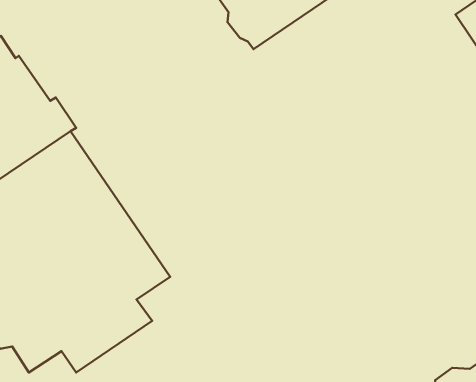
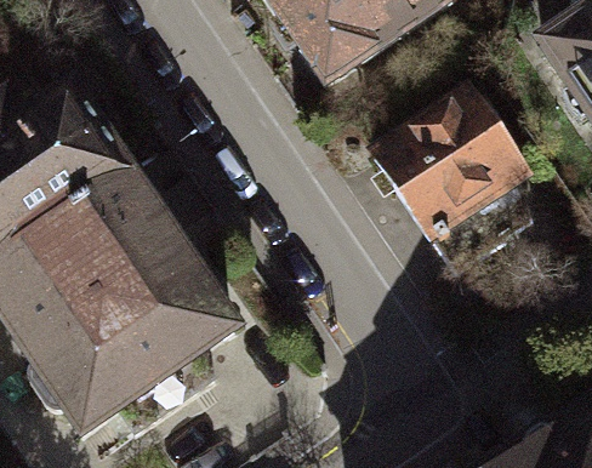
building: none -> [372,82,528,268]

